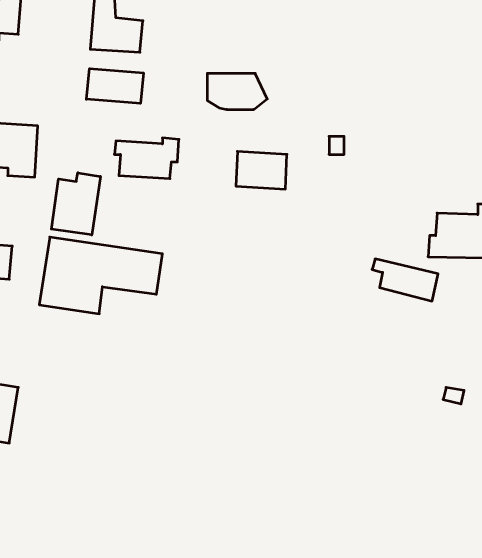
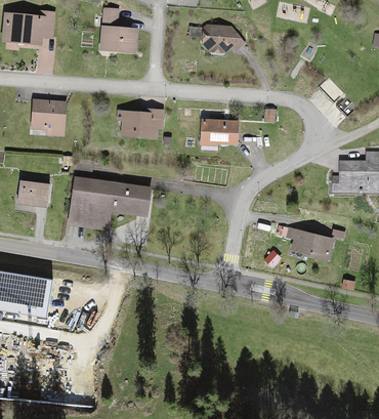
building: [86,69,143,103] -> none
building: [207,73,267,109] -> [202,26,243,50]
building: [51,173,100,235] -> none
building: [372,259,438,301] -> [287,228,332,257]

